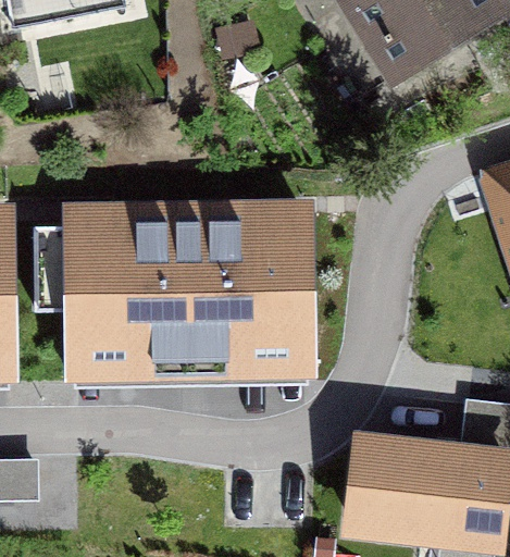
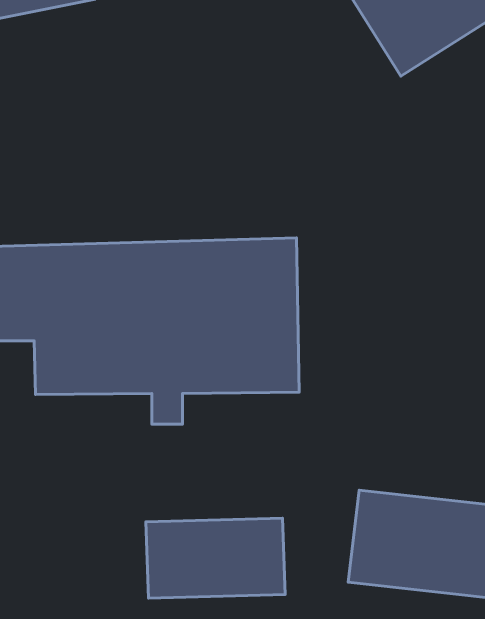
building: none -> [146,518,285,598]

